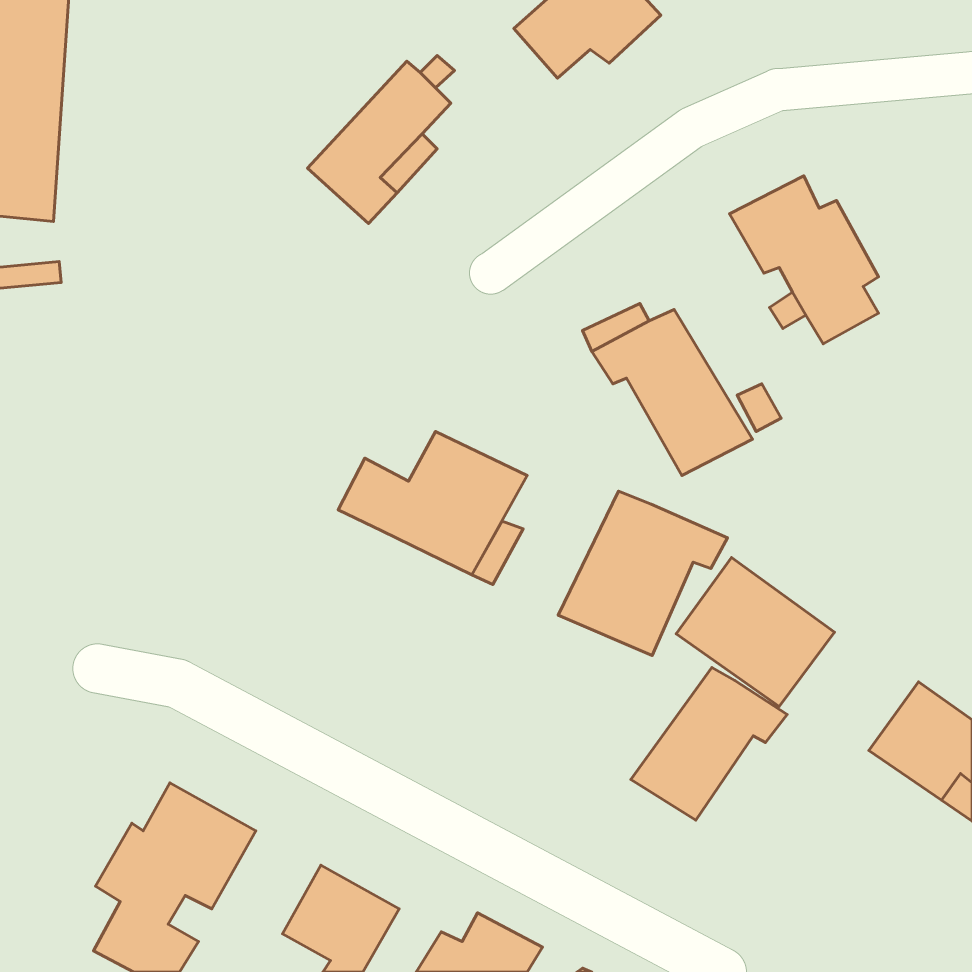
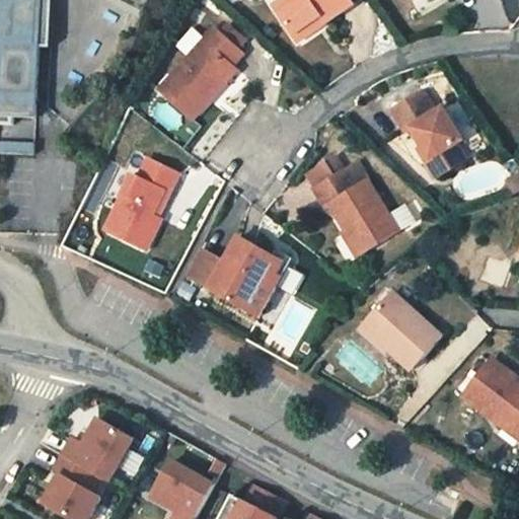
building: none -> [97,156,170,241]
building: [558,491,727,655] -> none
building: [631,667,787,820] -> none

